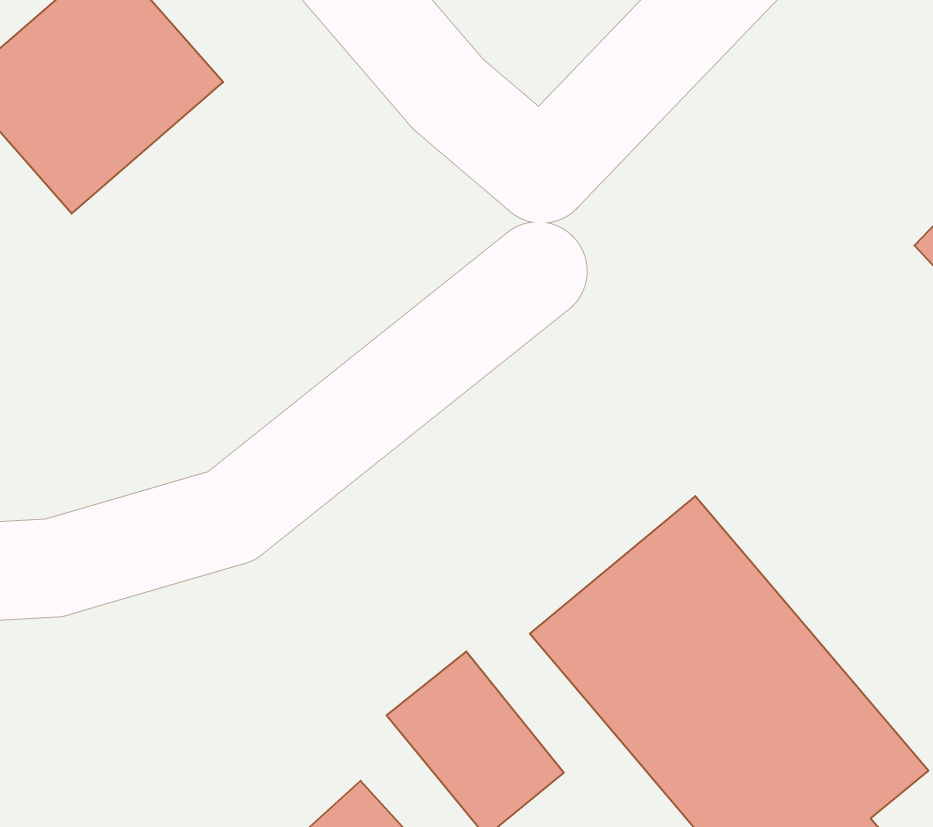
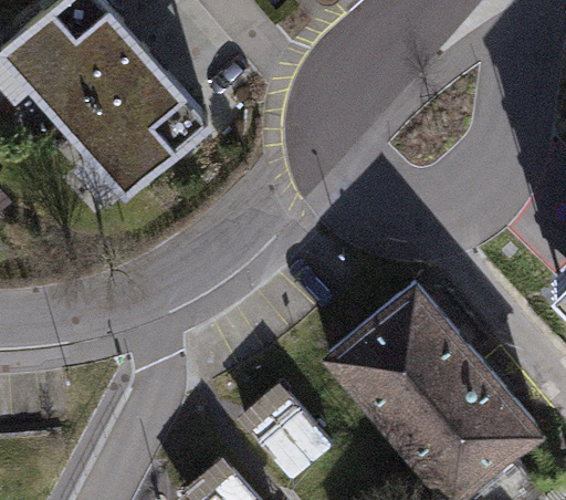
building: none -> [66,54,213,200]

